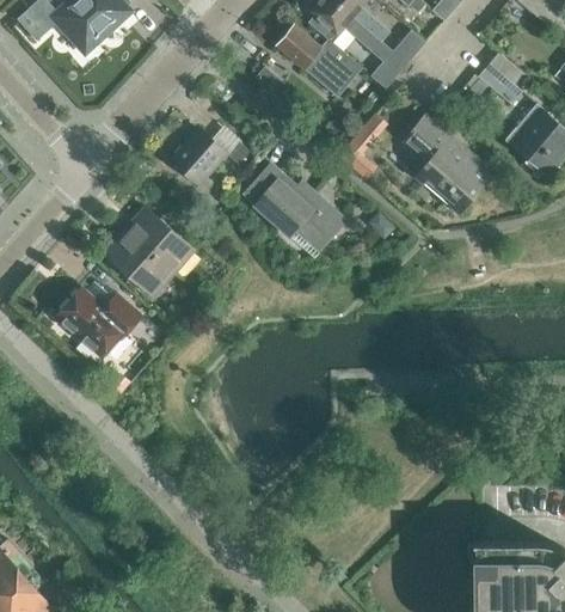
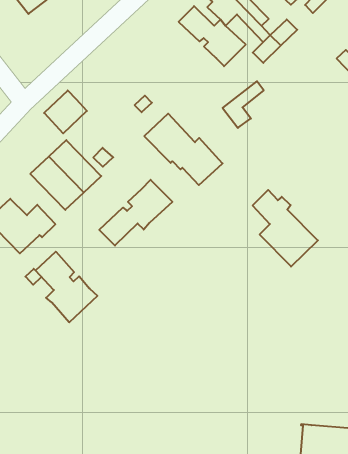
building: [403,118,489,213] -> [253,190,318,267]
building: [172,129,226,184] -> [44,90,87,133]
building: none -> [99,180,172,246]
building: none -> [36,252,97,322]

